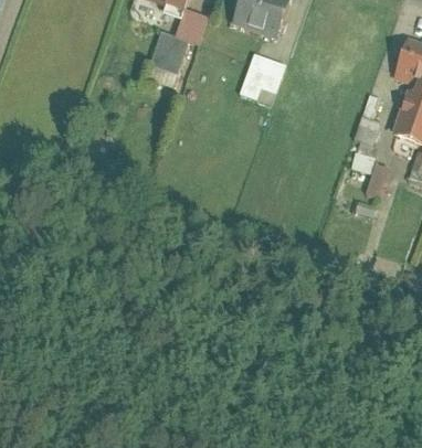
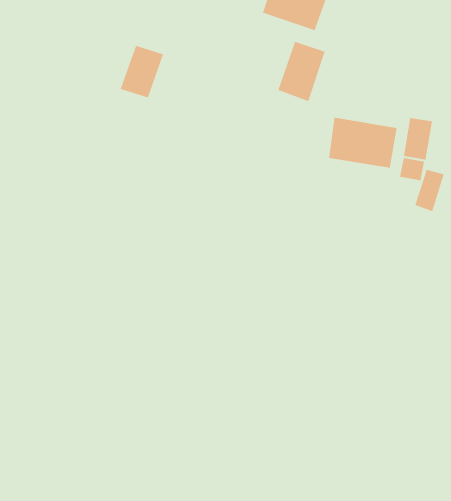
building: [155,22,192,67] -> [120,45,164,98]
building: none -> [329,117,397,168]

